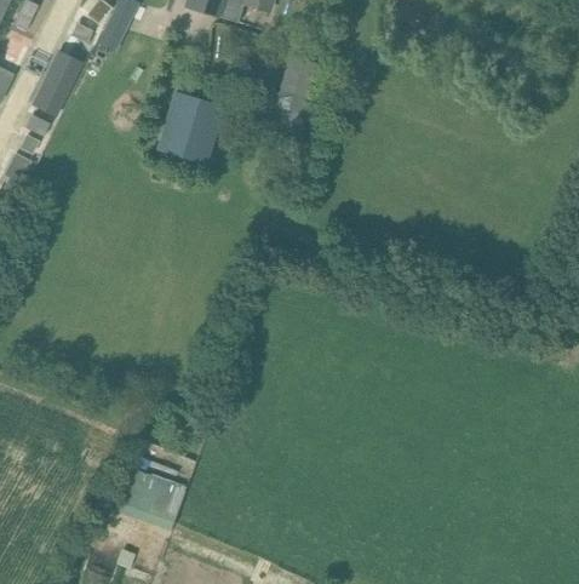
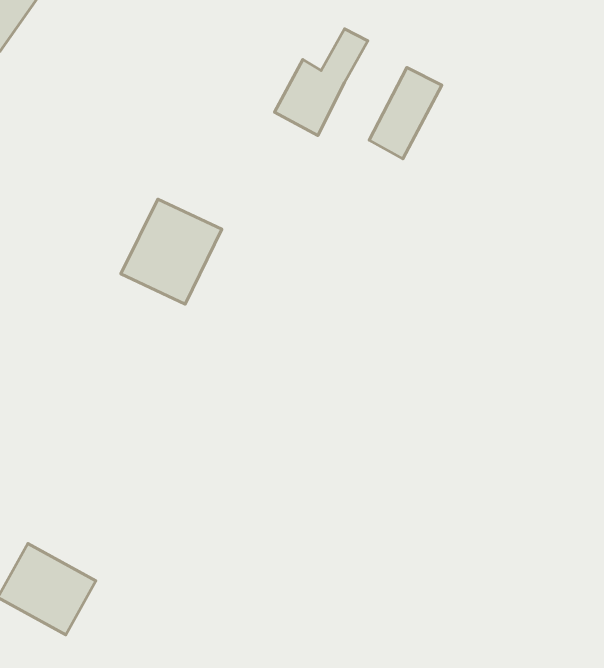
building: none -> [369,67,442,159]
building: [155,92,223,165] -> [121,199,222,304]

